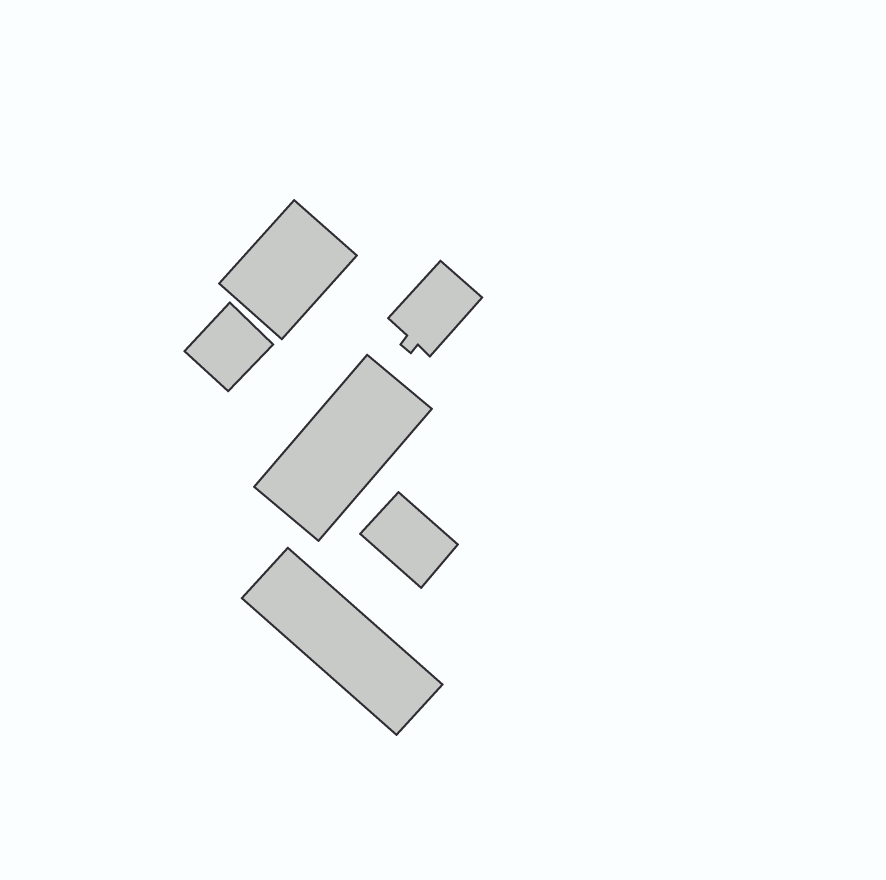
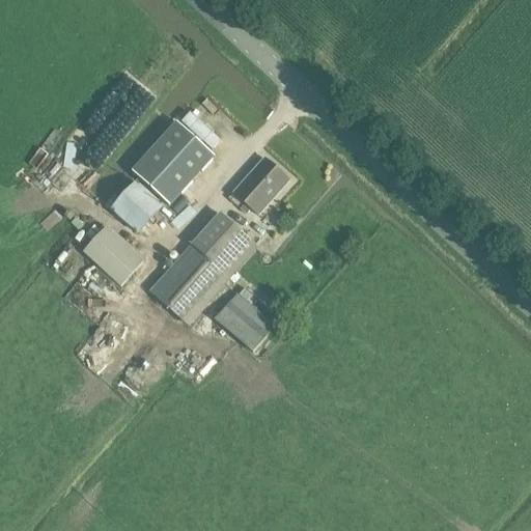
building: none -> [83,224,141,282]
building: [242,548,442,735] -> none

